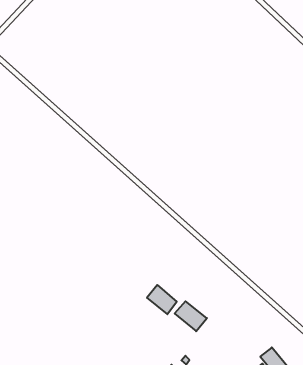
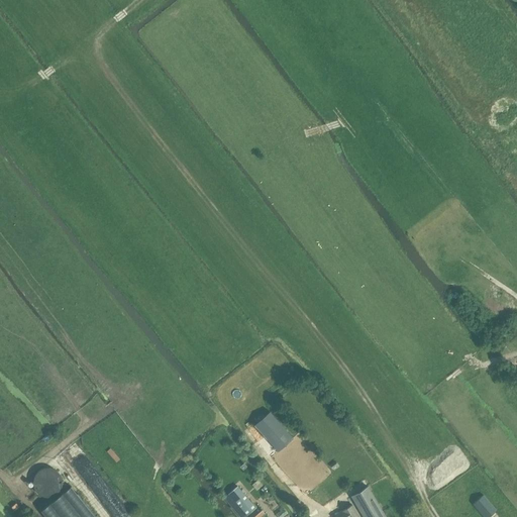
building: [147,285,177,314] -> none

